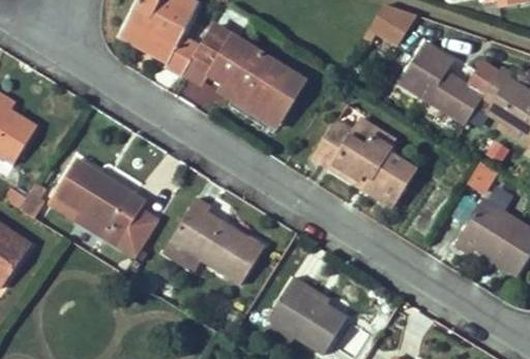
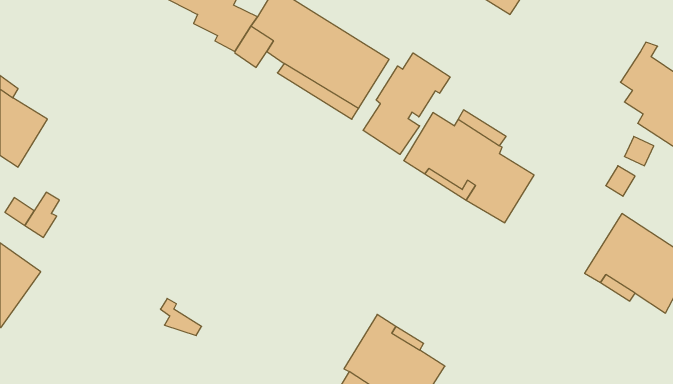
building: [401,40,499,123] -> none
building: none -> [363,53,450,154]
building: [49,157,159,256] -> none
building: [164,198,265,285] -> none

